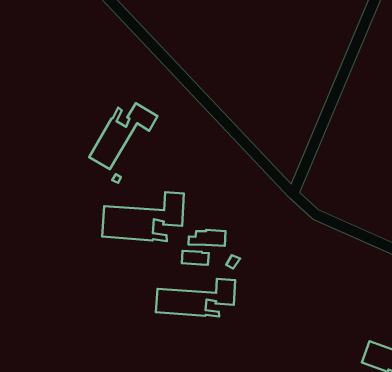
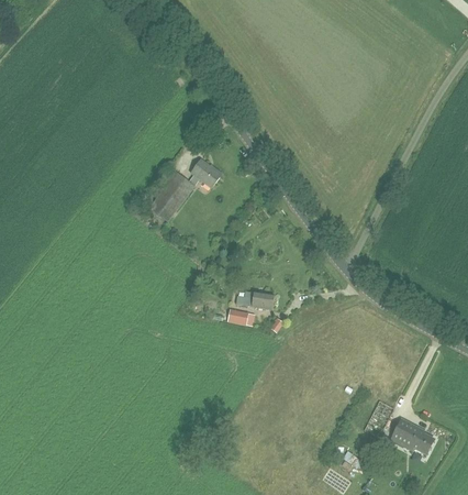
building: [102,192,184,241] -> none
building: [156,279,235,316] -> none

